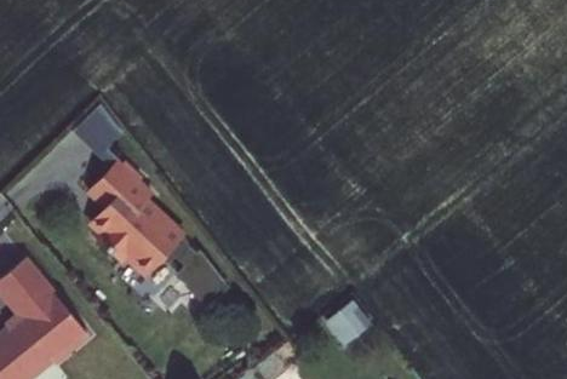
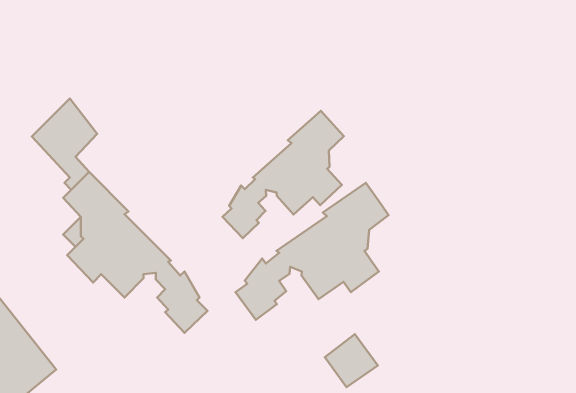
building: none -> [222,111,344,238]
building: none -> [235,183,389,320]

